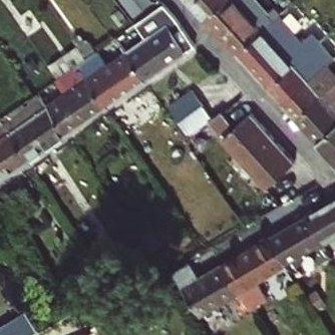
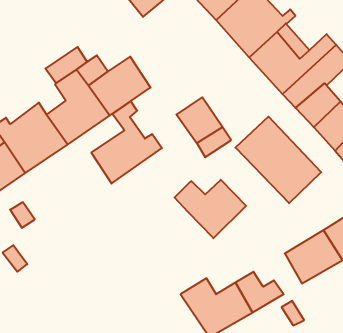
building: [124,6,191,83] -> [91,101,162,184]
building: none -> [175,180,246,238]
building: [240,239,285,277] -> none

